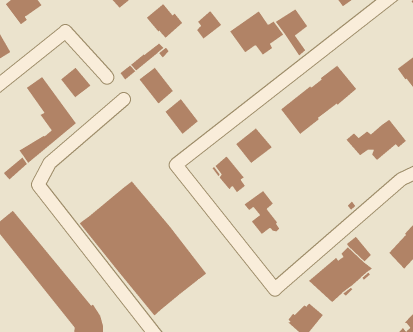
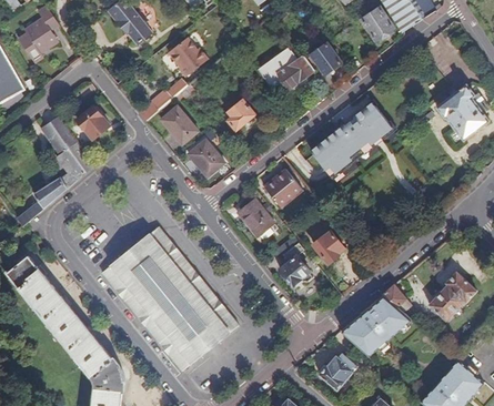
building: [196,10,222,39] -> [229,100,256,131]
building: [346,119,407,161] -> none
building: none -> [313,232,344,263]

